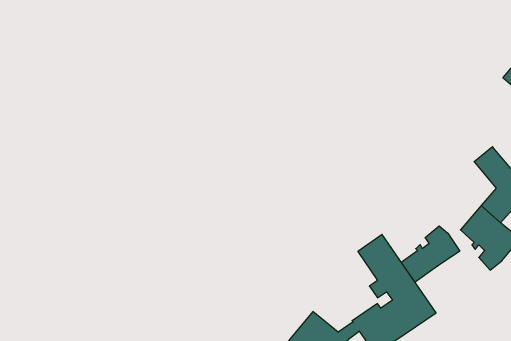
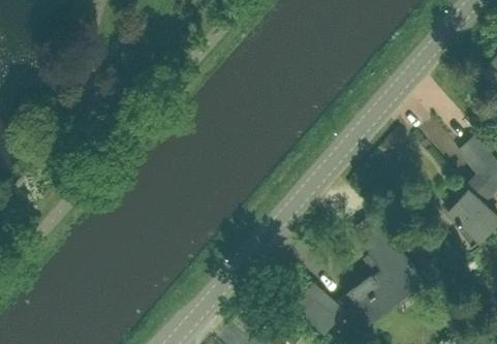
building: [401,226,460,282] -> none

